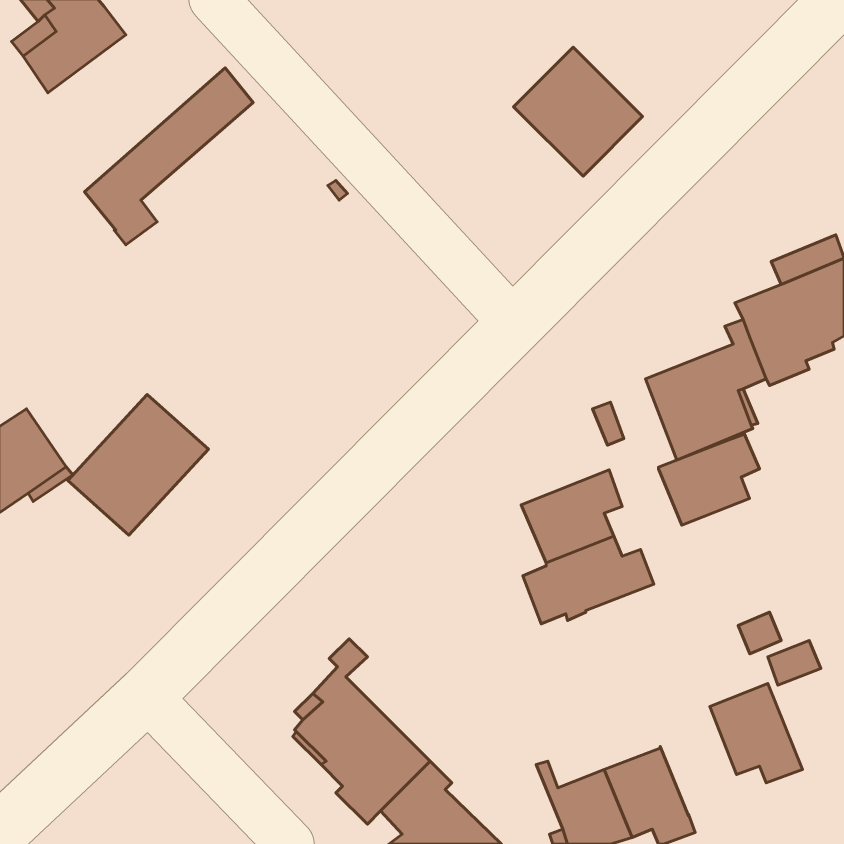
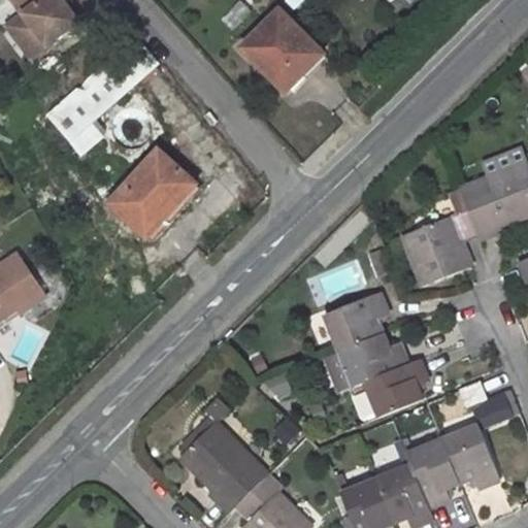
building: [514,47,643,176] -> [242,10,323,91]
building: [68,394,208,535] -> [108,150,196,237]
building: [659,434,759,525] -> [365,360,428,417]
building: none -> [401,437,459,508]

